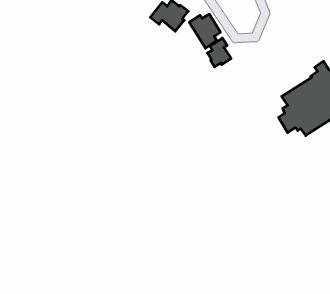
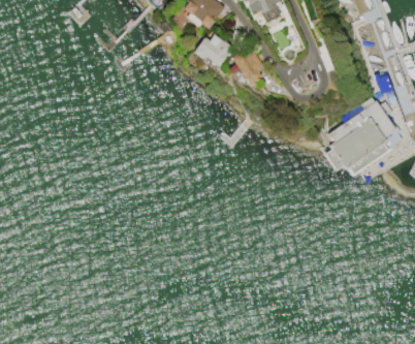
building: [207,38,231,67] -> none

